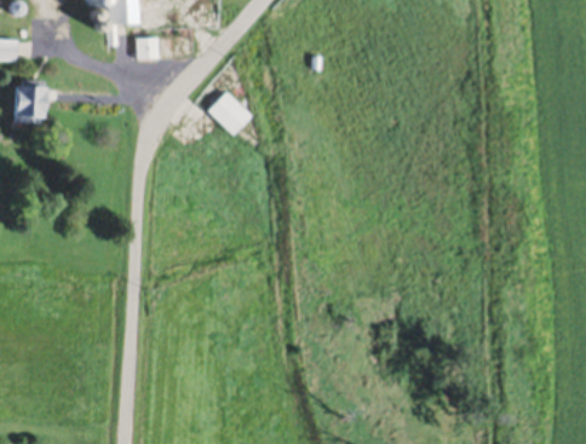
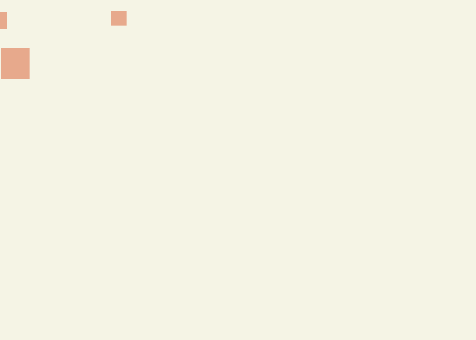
building: [211,92,253,134] -> none

